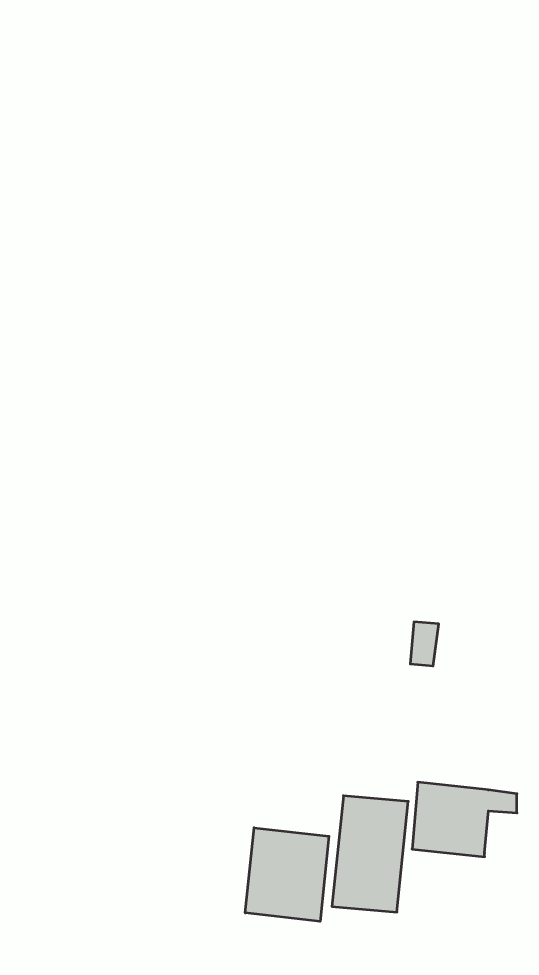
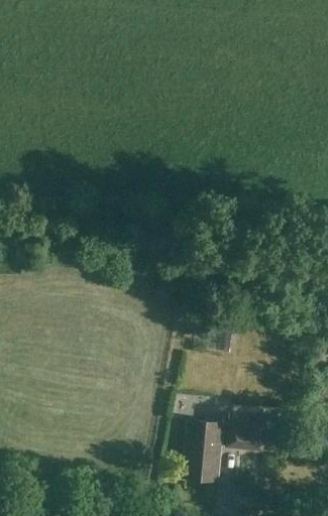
building: [245,828,329,921] -> none

